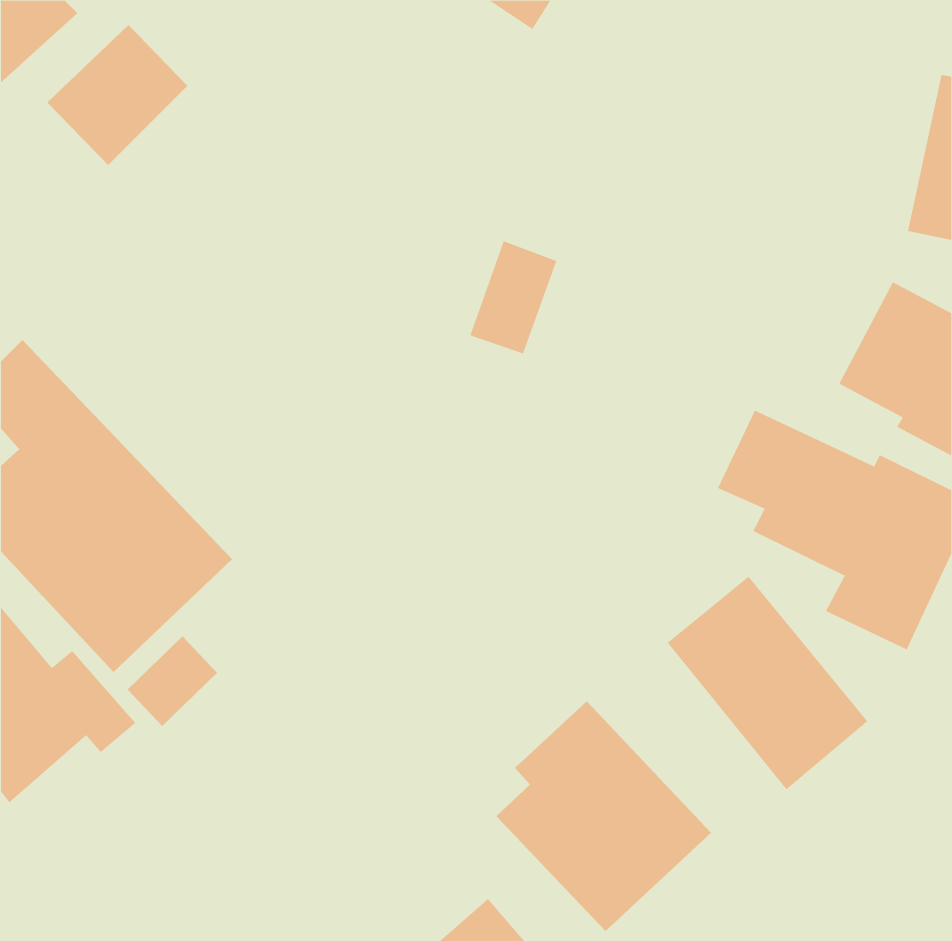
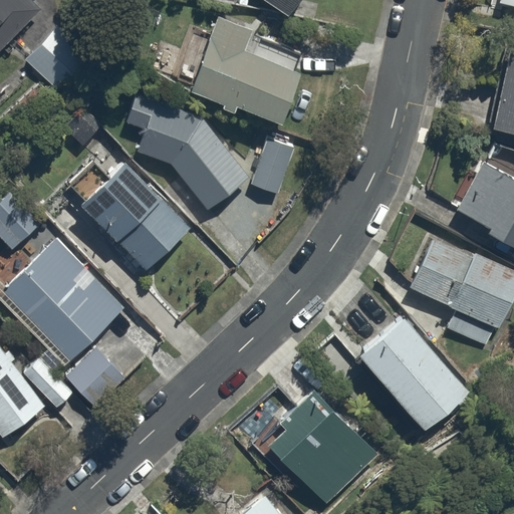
building: none -> [193,11,291,122]
building: none -> [121,92,251,212]
building: none -> [66,155,197,284]

